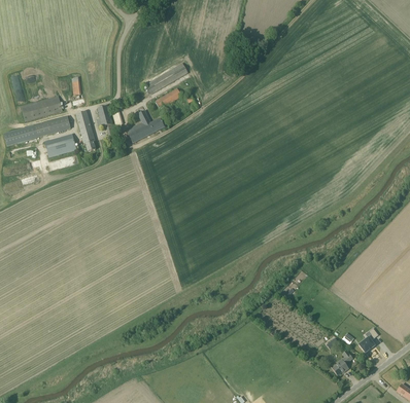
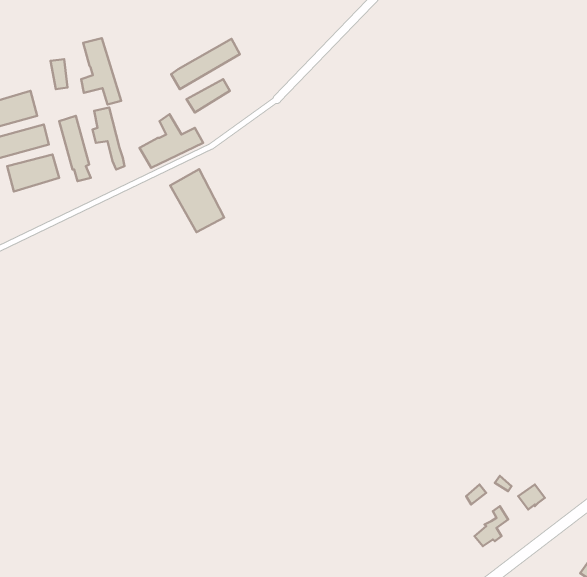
building: none -> [81,38,121,105]
building: none -> [170,169,224,232]

